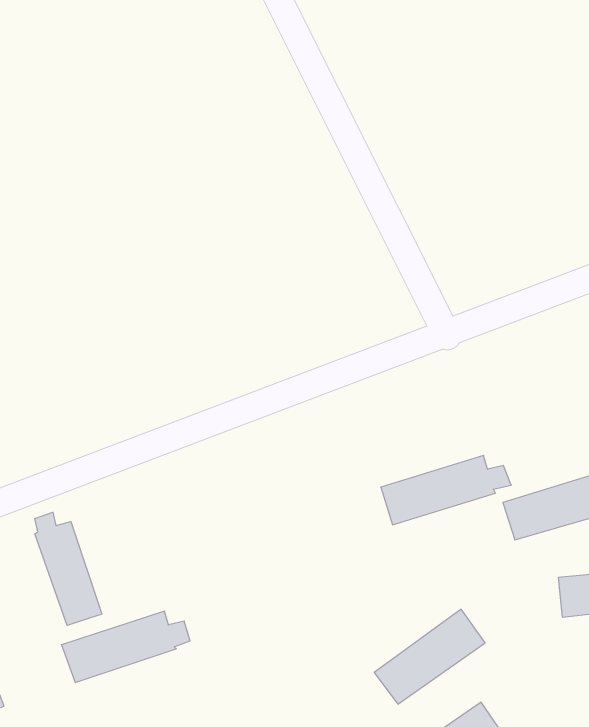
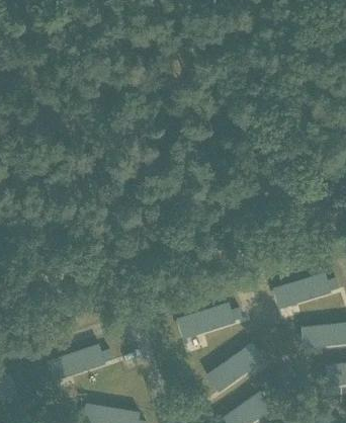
building: [381,455,511,525] -> [177,303,244,338]
building: [35,512,102,625] -> none

